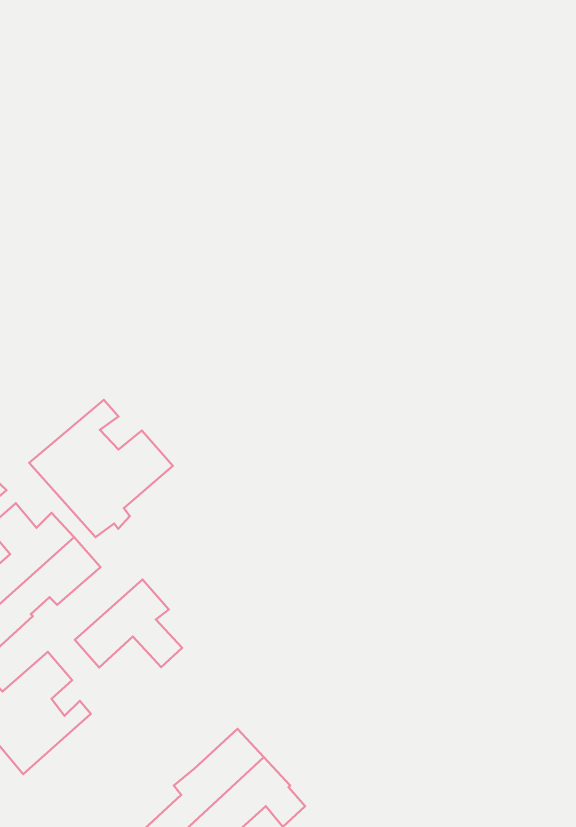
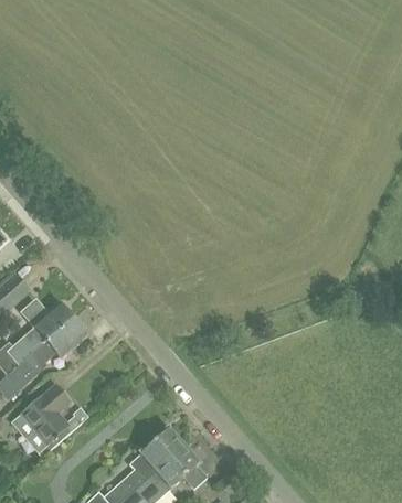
building: [29,400,173,537] -> none
building: [75,579,182,668] -> none

